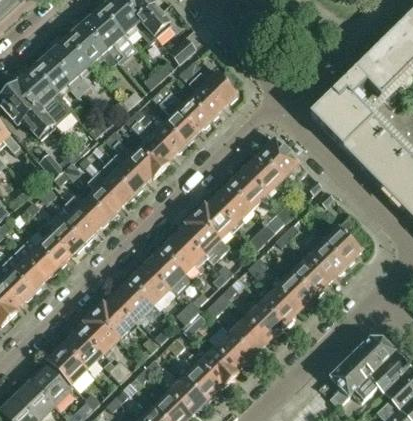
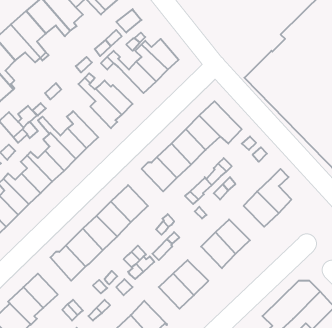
building: [164,101,198,142] -> none
building: [113,139,162,179] -> none
building: [181,214,228,263] -> none
building: [293,255,332,293] -> none
building: [247,300,285,338] -> none
building: [81,312,118,353] -> none
building: [199,345,240,386] -> none

